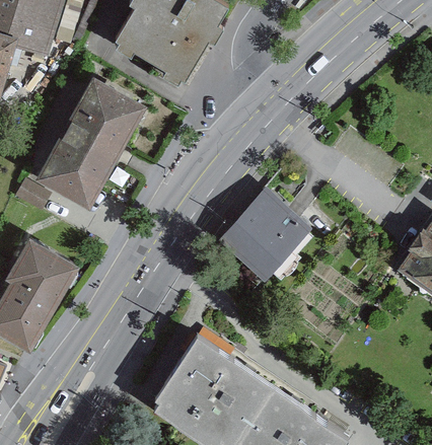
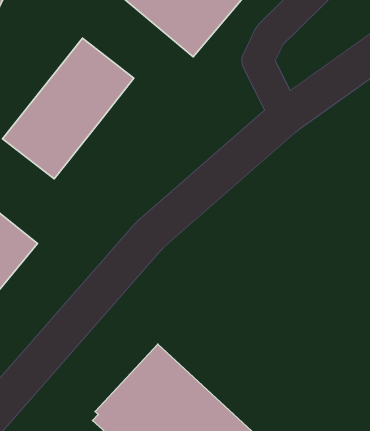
building: [220,192,316,283] -> none

